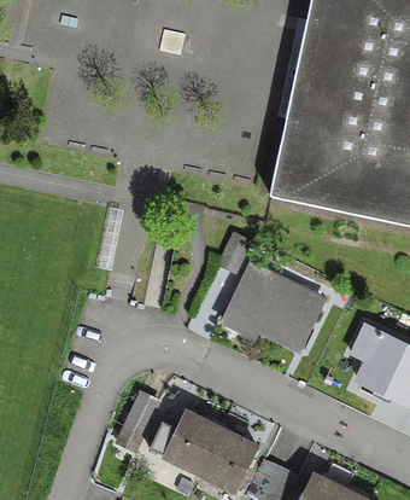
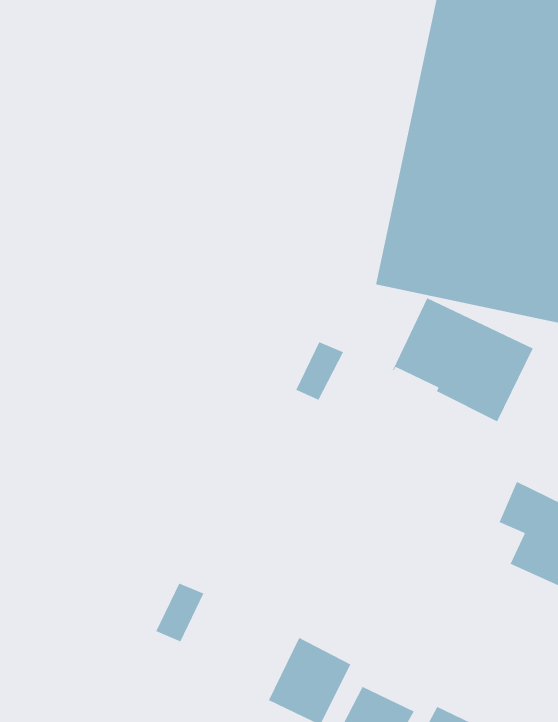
building: [225,266,320,349] -> [392,297,534,422]
building: [163,413,218,472] -> none

